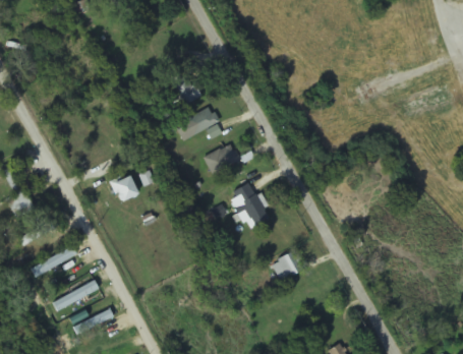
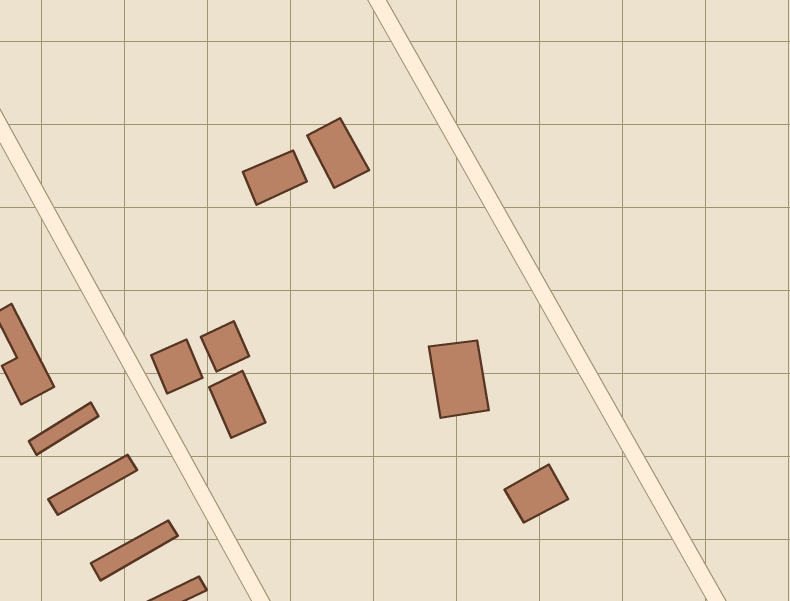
building: [185,106,219,134] -> [243,151,307,205]
building: [206,142,241,173] -> none
building: none -> [151,340,202,393]
building: none -> [209,371,265,438]

